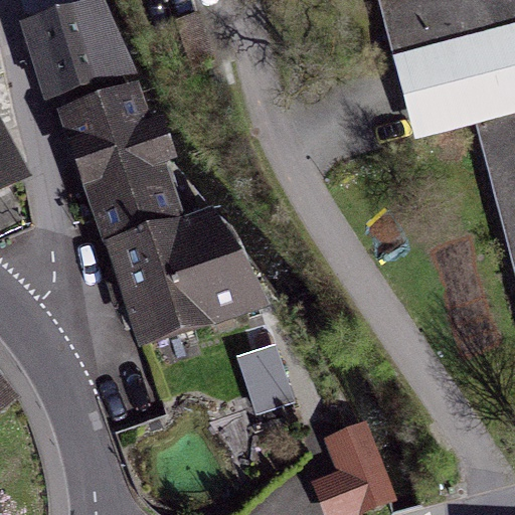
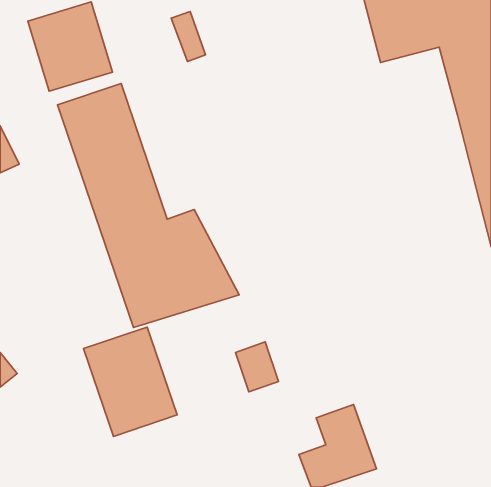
building: [398,49,479,137] -> none
building: none -> [83,327,177,437]

